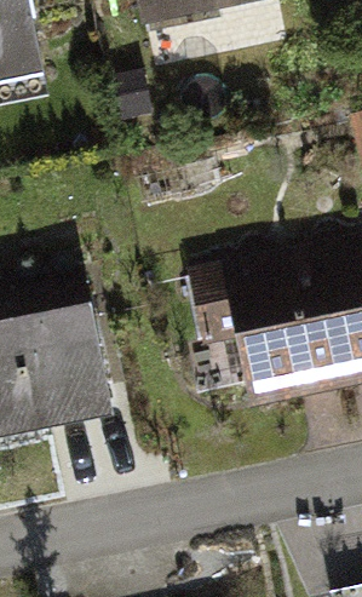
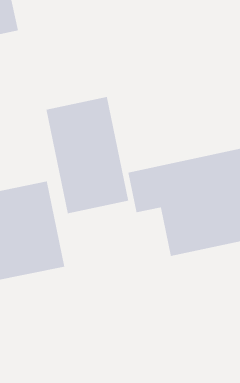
building: none -> [46,96,129,214]

